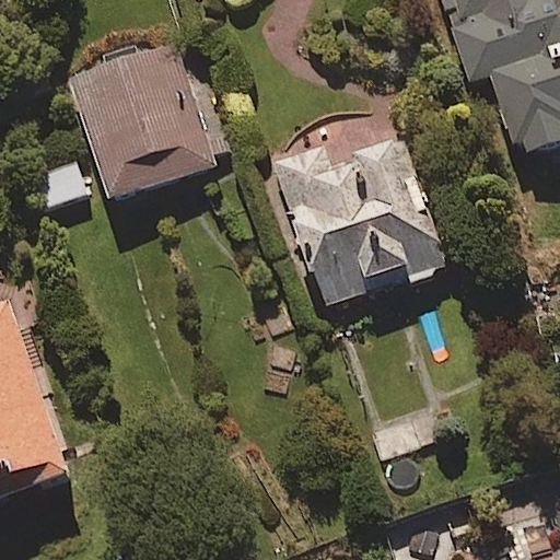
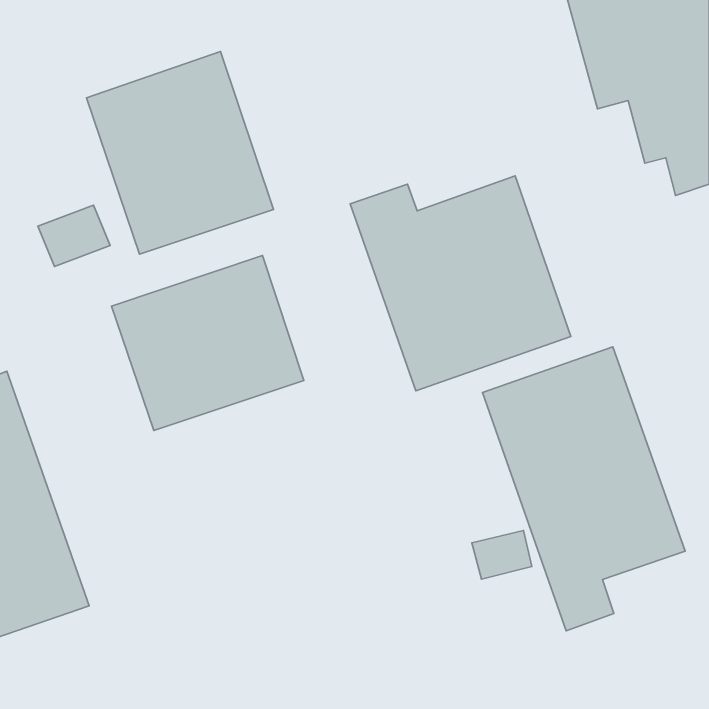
building: none -> [112,255,304,431]
building: none -> [483,347,685,631]

